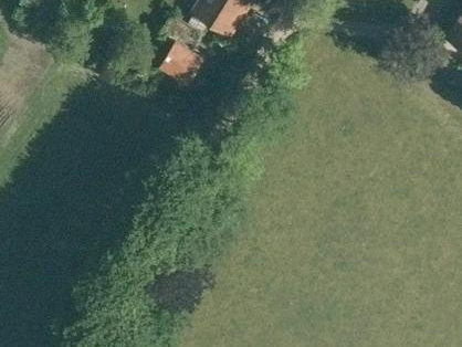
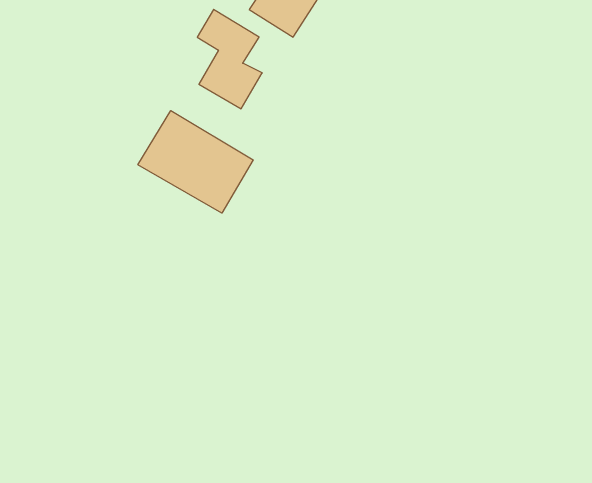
building: none -> [138,111,253,213]

